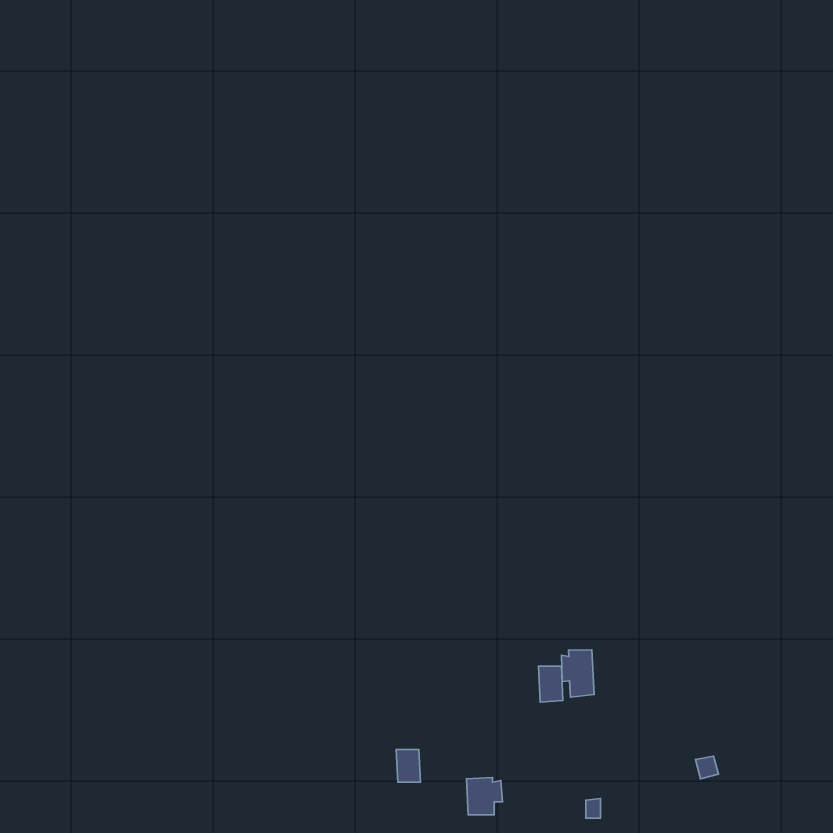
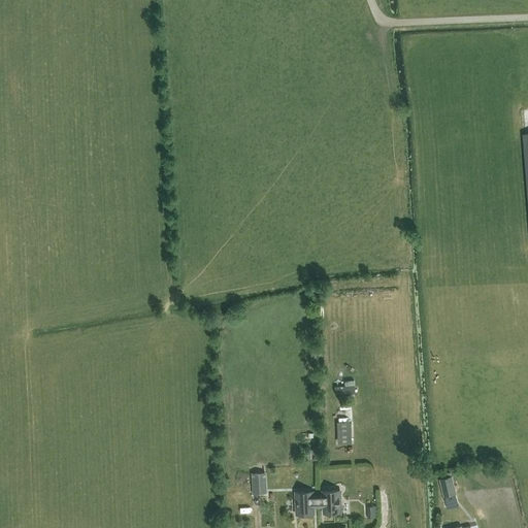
building: [561,650,594,697] -> none
building: none -> [316,491,338,515]

